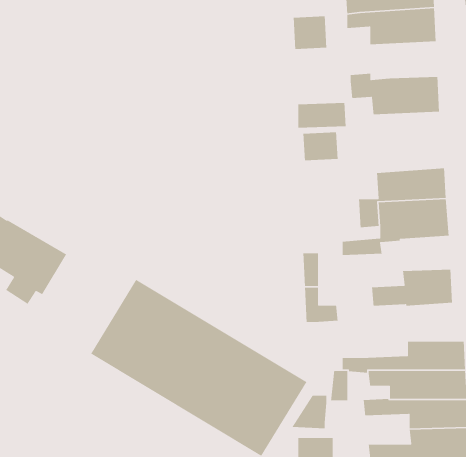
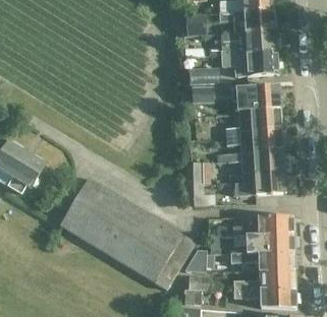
building: none -> [209,30,276,56]
building: none -> [230,85,280,112]
building: none -> [240,151,284,173]

